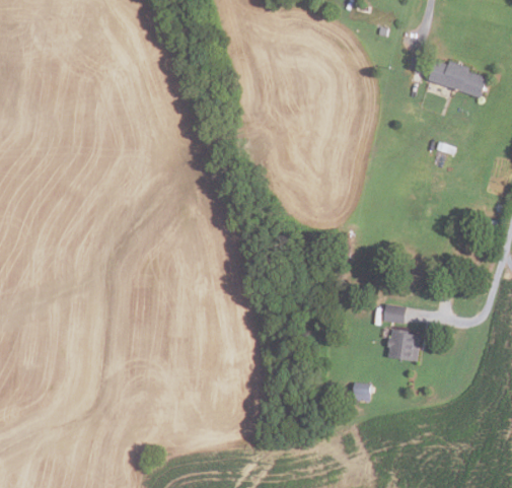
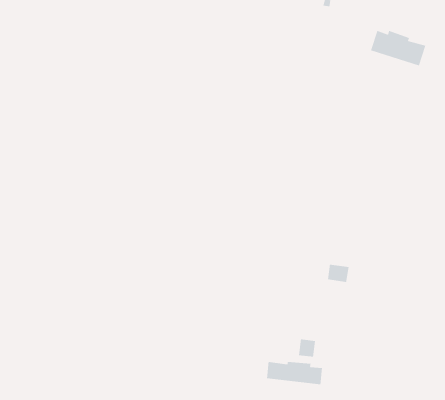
building: [387,329,420,361] -> none
building: none -> [267,361,323,385]

